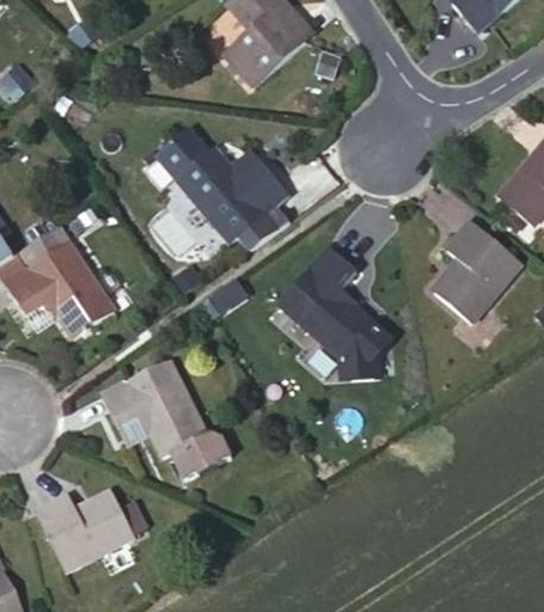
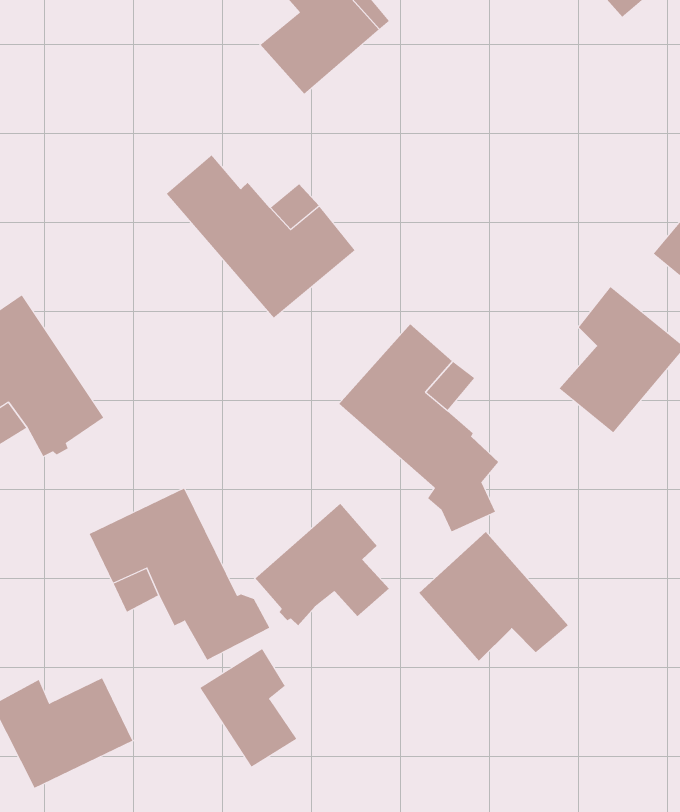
building: none -> [255,503,390,626]
building: none -> [419,531,569,661]
building: none -> [200,648,297,768]

